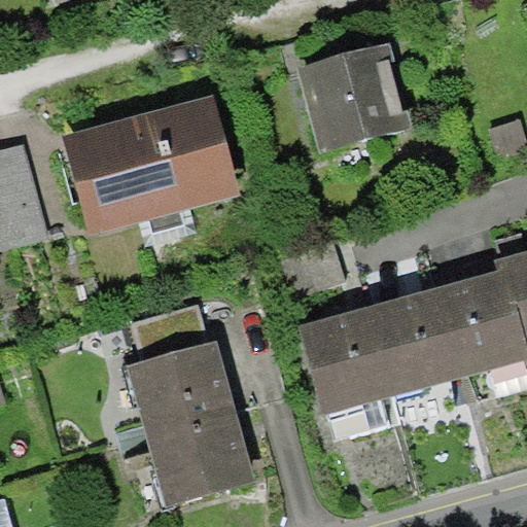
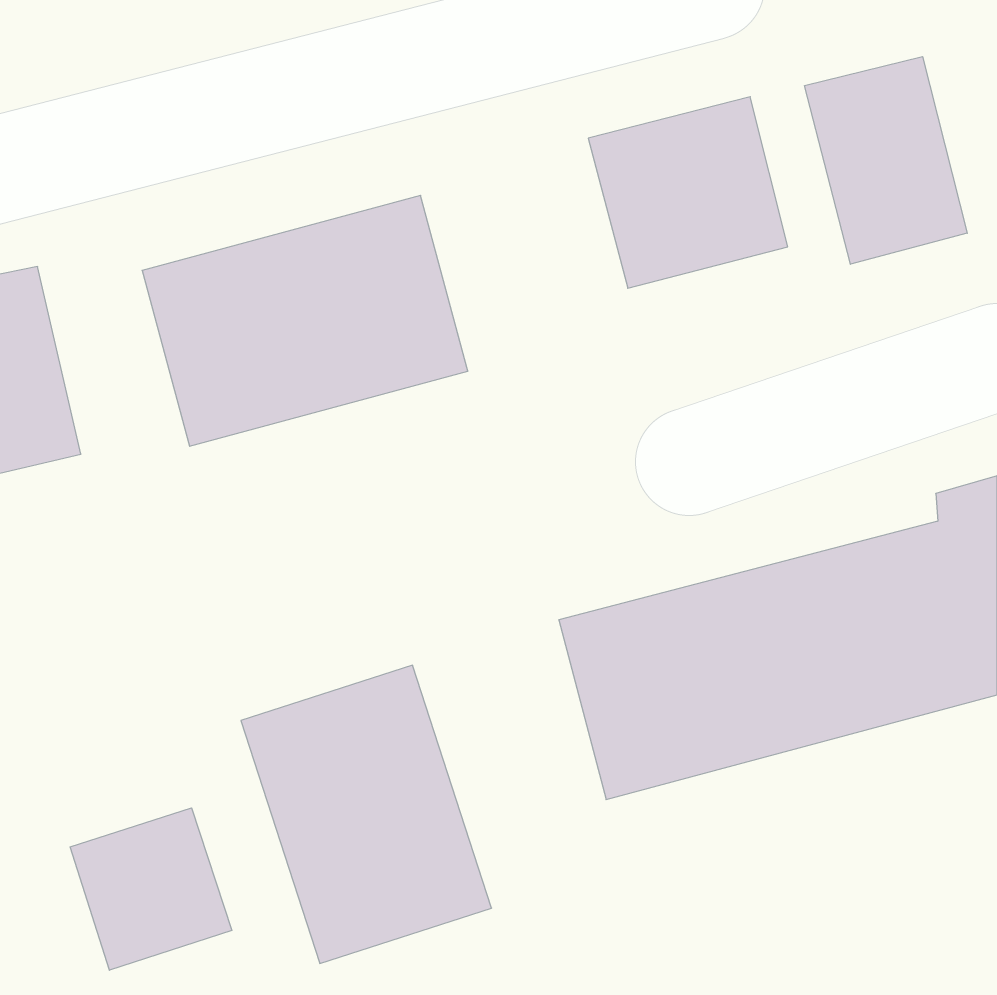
building: none -> [805,57,967,264]
building: none -> [70,808,232,970]

